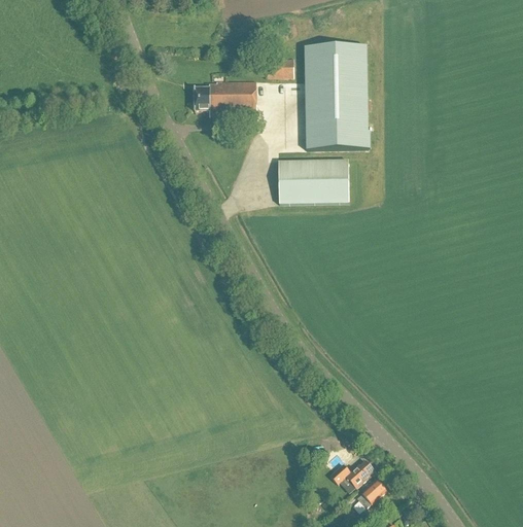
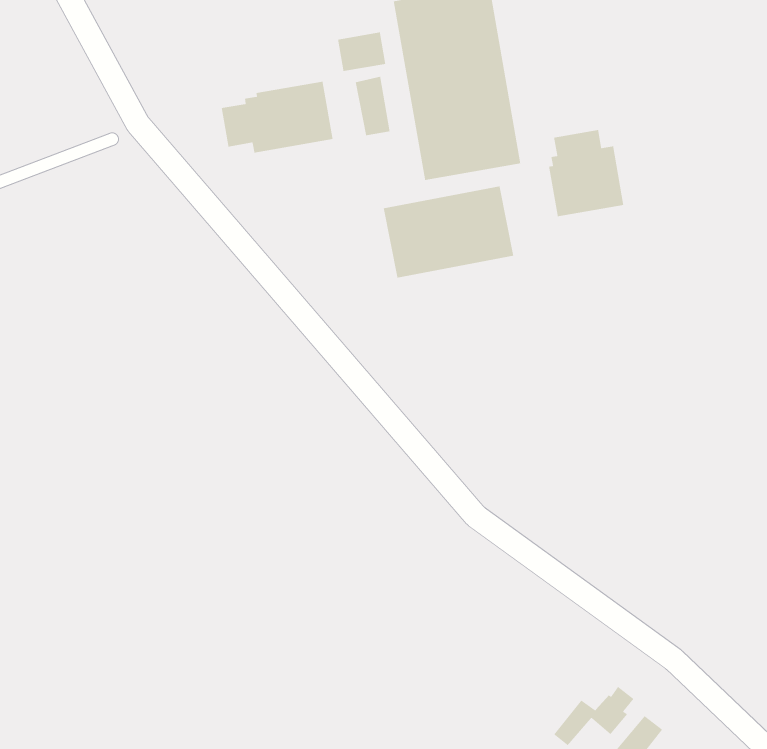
building: none -> [355,76,391,136]
building: none -> [548,129,624,217]

